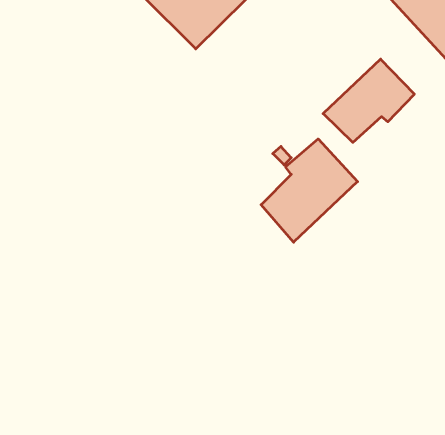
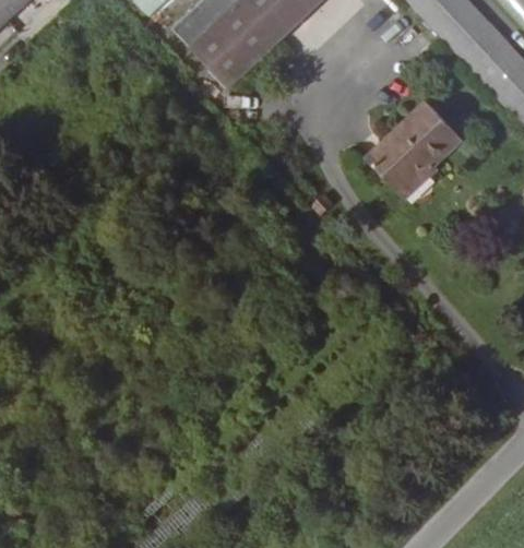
building: [261,139,358,242] -> none

